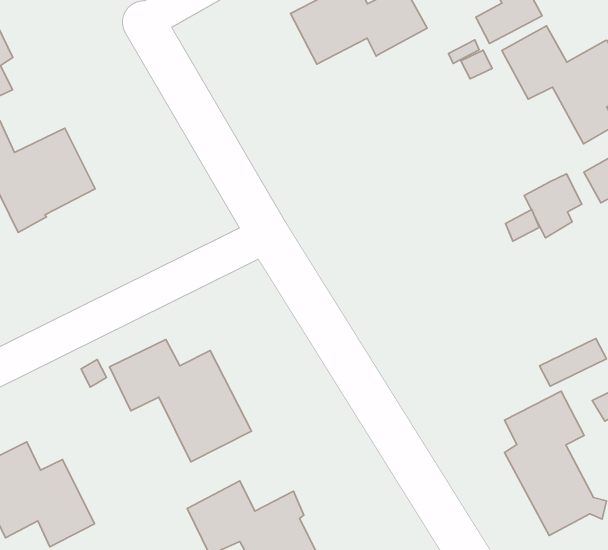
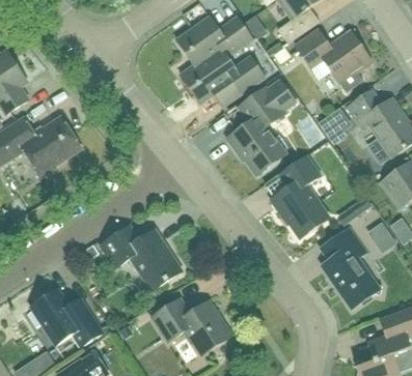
building: none -> [181,47,265,106]
building: none -> [227,77,297,173]
building: none -> [271,154,329,236]

